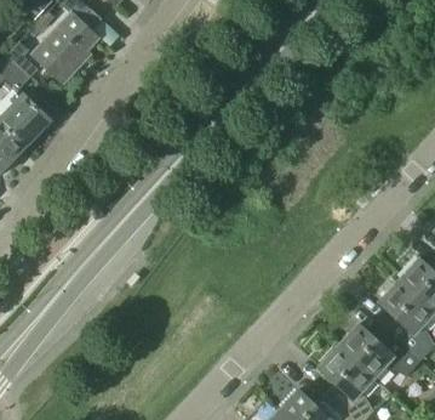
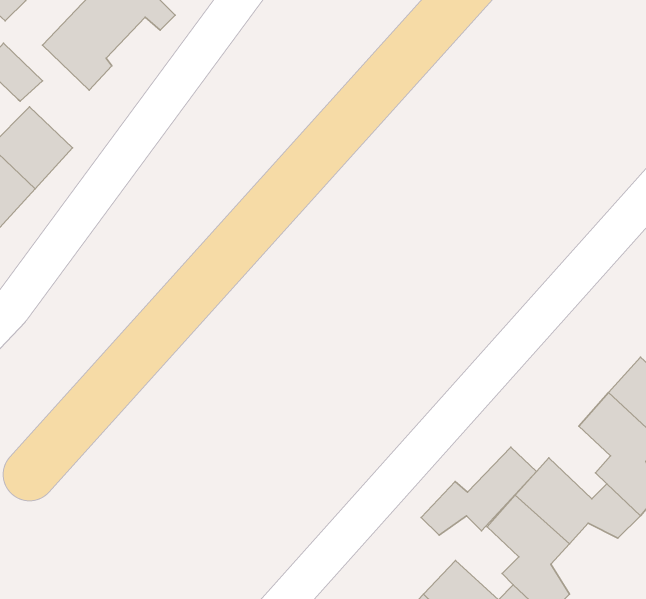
building: none -> [421,447,537,535]

